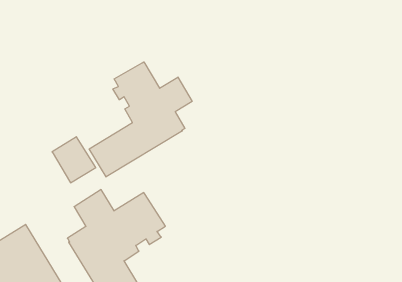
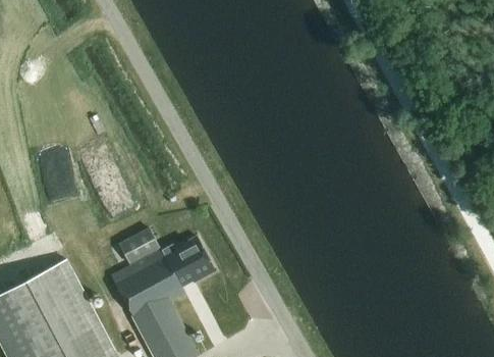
building: [89,62,192,177] -> none

